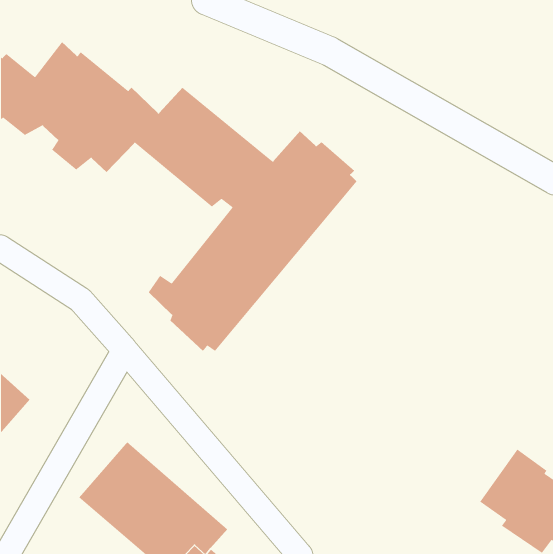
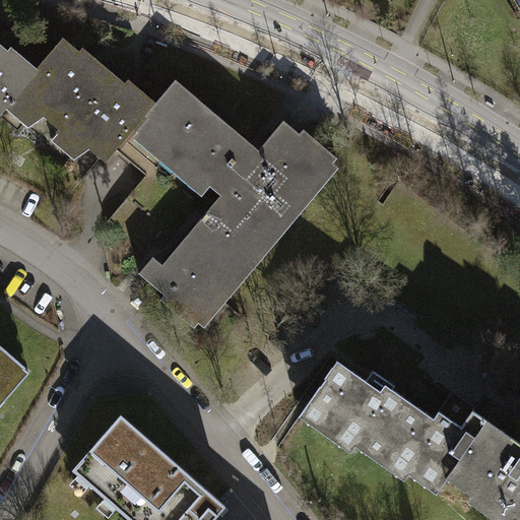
building: none -> [300,368,485,488]

